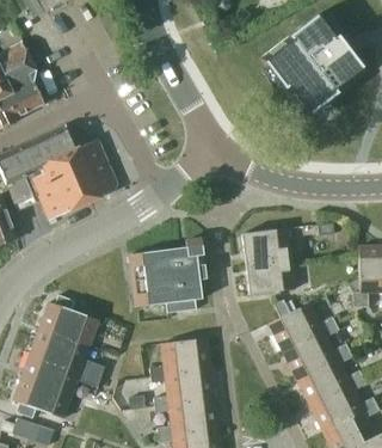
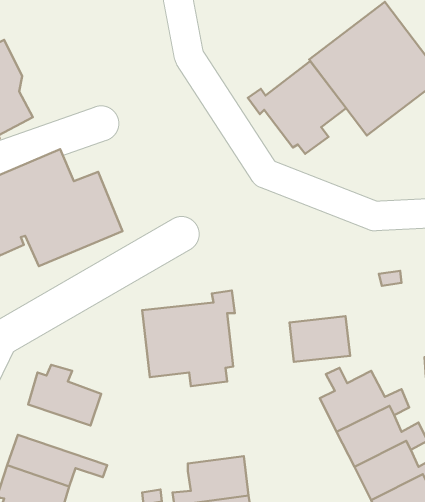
building: none -> [248,61,346,154]
building: [242,227,290,263] -> none
building: [32,327,106,375] -> none
building: [149,337,210,382] -> none

